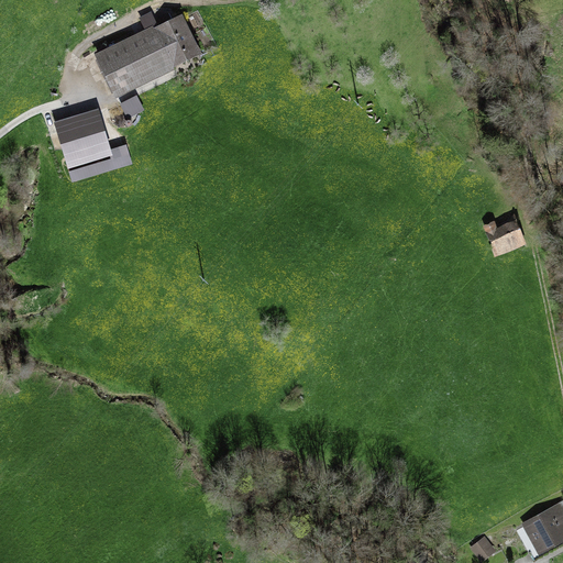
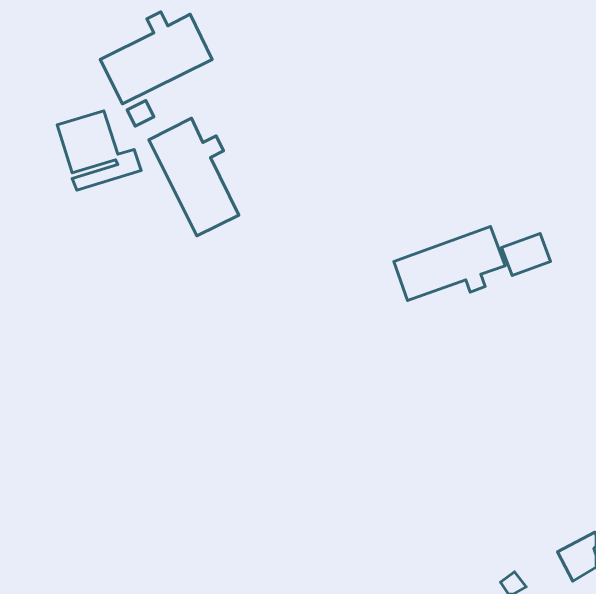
building: none -> [149,118,239,236]
building: none -> [394,226,505,301]

